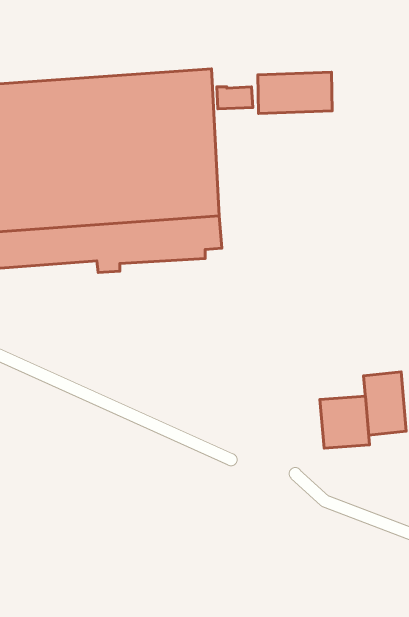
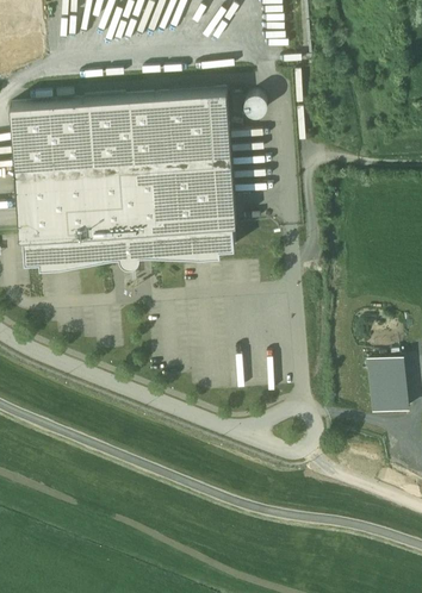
building: [258,72,332,113] -> none
building: [320,396,370,448] -> none

